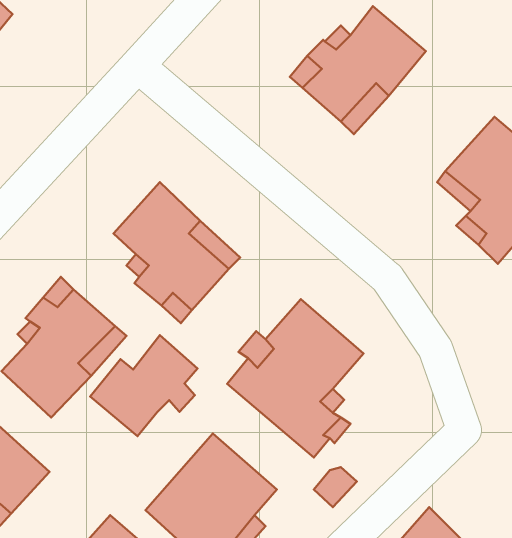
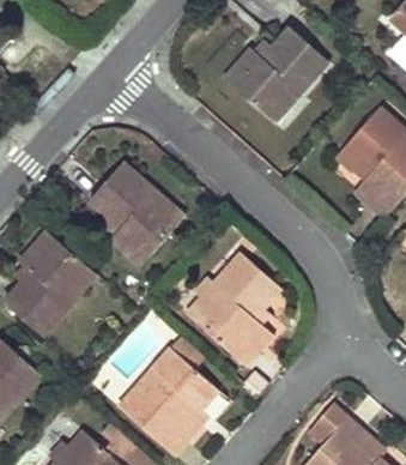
building: [90,335,197,436] -> none

